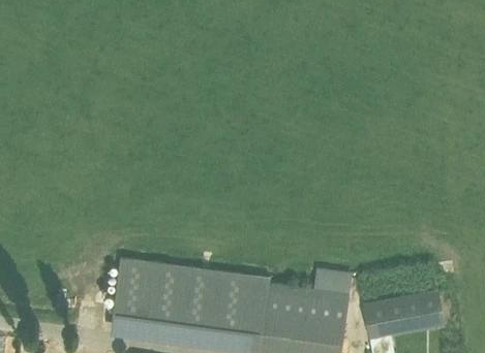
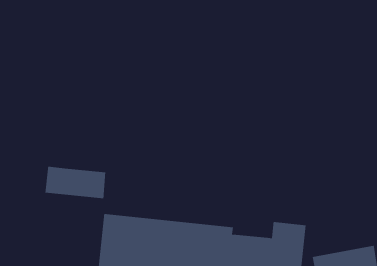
building: none -> [45,166,106,199]

